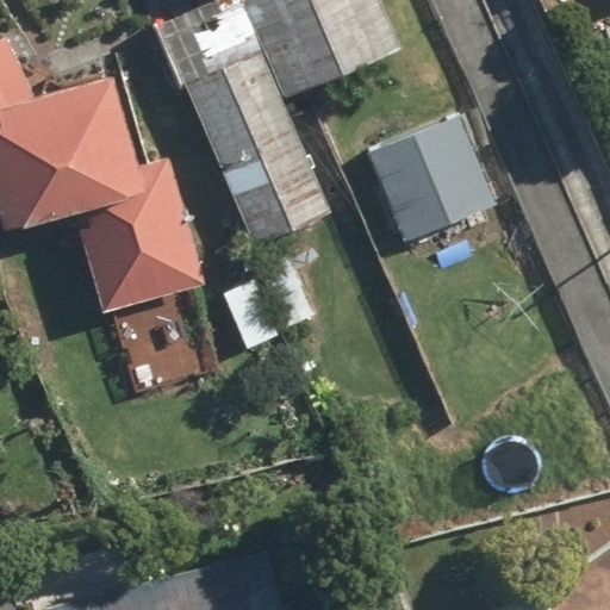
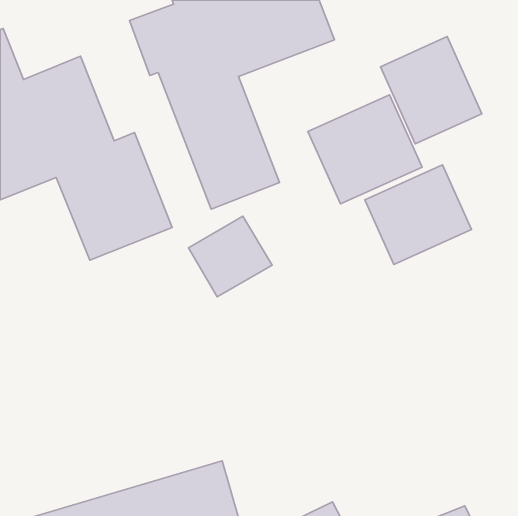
building: none -> [380,37,482,144]
building: none -> [365,165,472,265]

